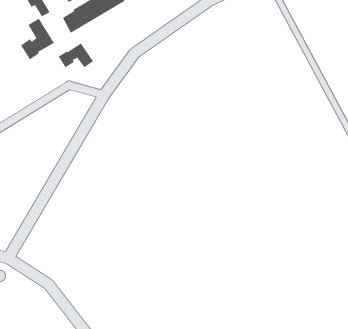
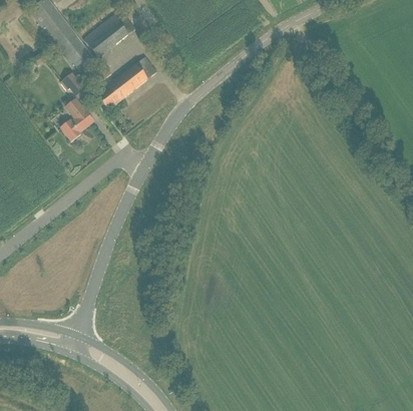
building: [58,42,94,68] -> none

